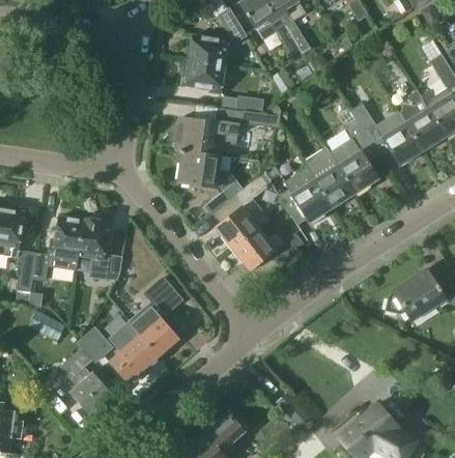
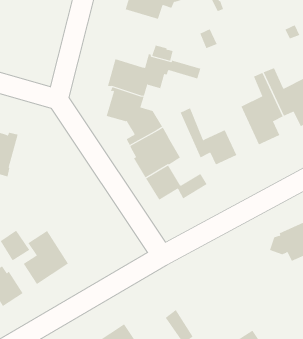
building: [181,60,223,93] -> none
building: [303,146,356,207] -> none
building: [77,213,122,280] -> none
building: [130,278,181,355] -> none

